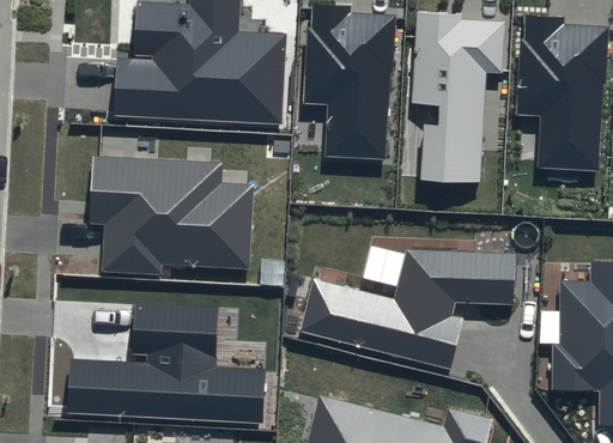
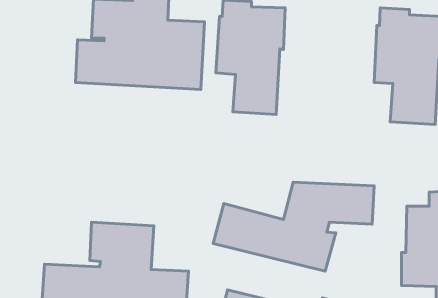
building: [412,11,504,181] -> none
building: [90,156,254,274] -> none

